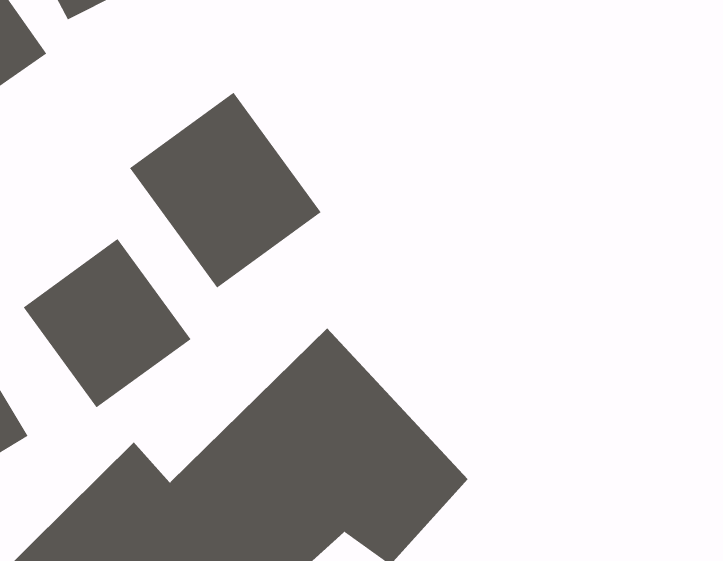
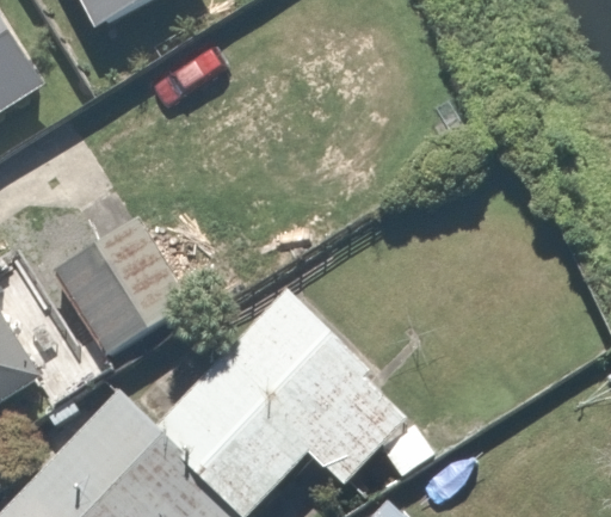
building: [129,92,321,289] -> none

